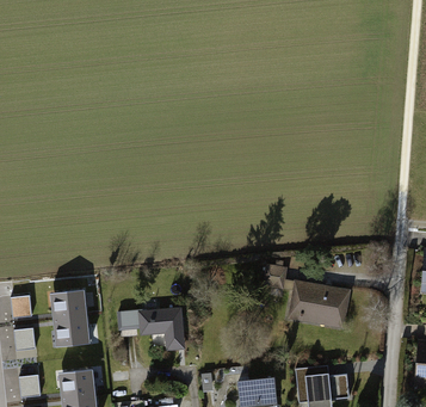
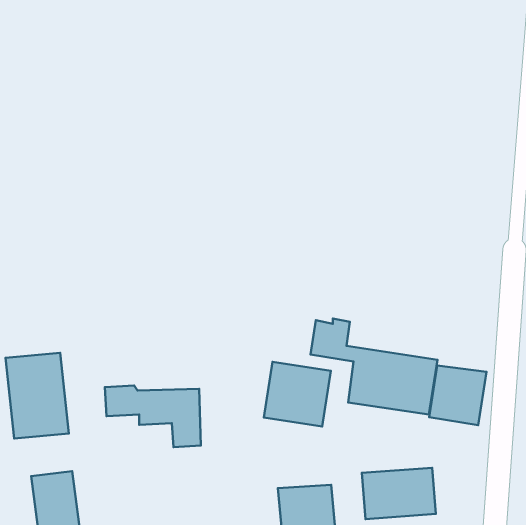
building: none -> [264,362,331,427]
building: none -> [429,366,486,425]

